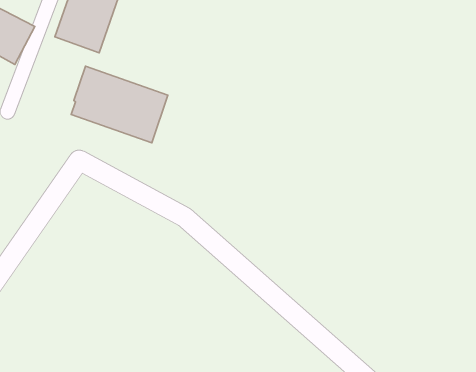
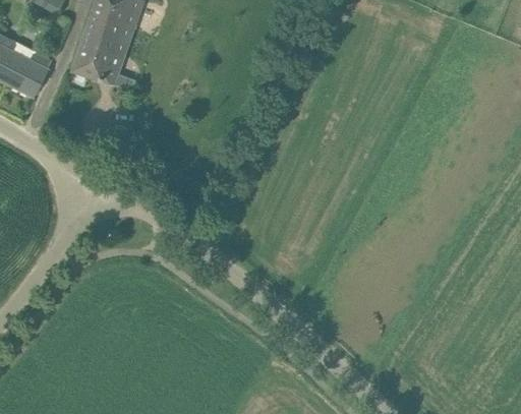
building: [71,66,168,143] -> none

